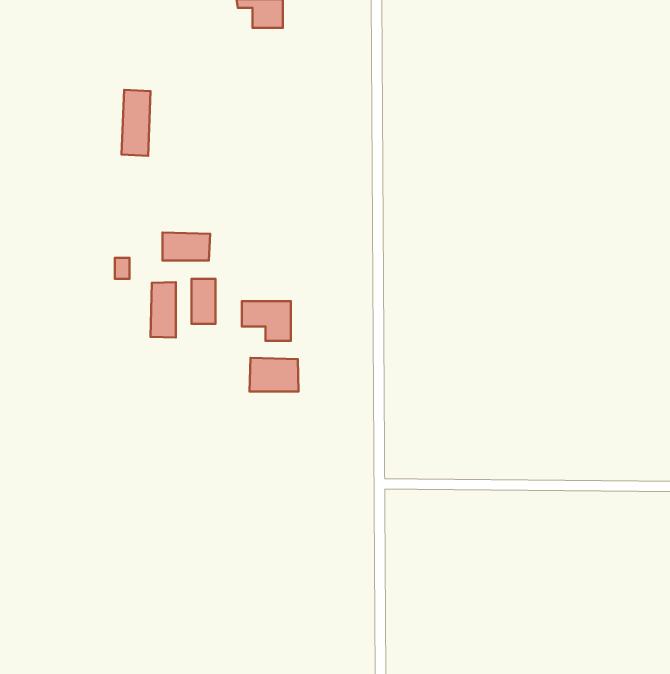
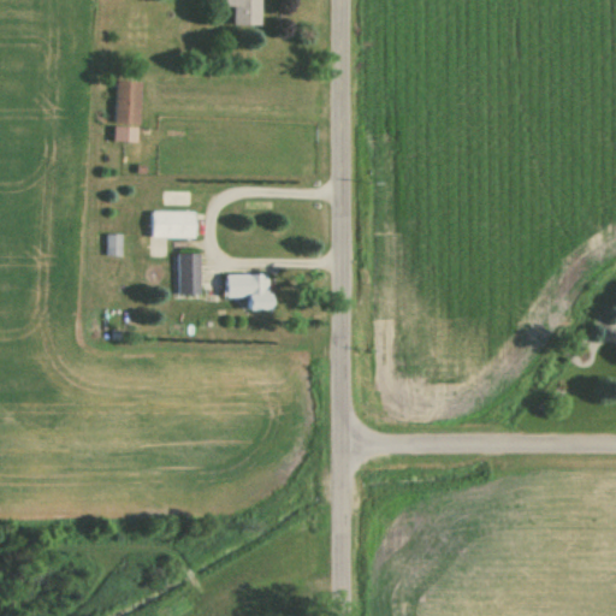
building: [151,282,176,338] -> none
building: [250,358,299,391] -> none

